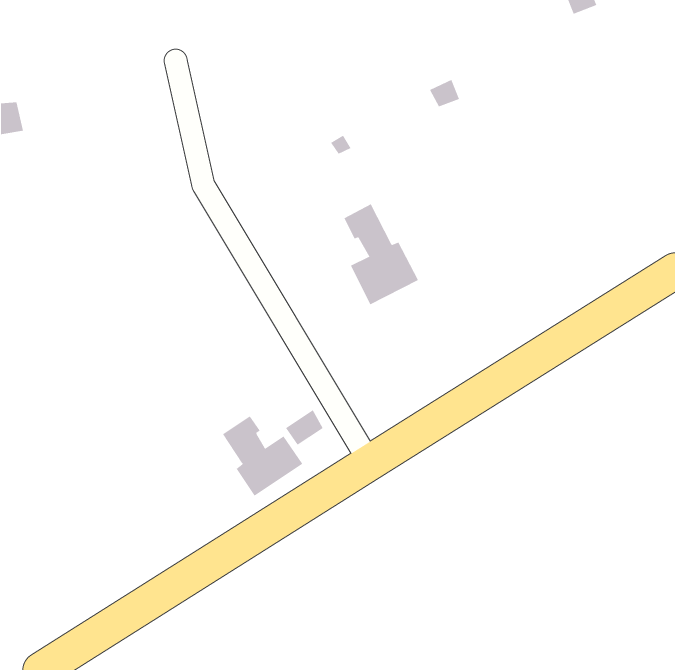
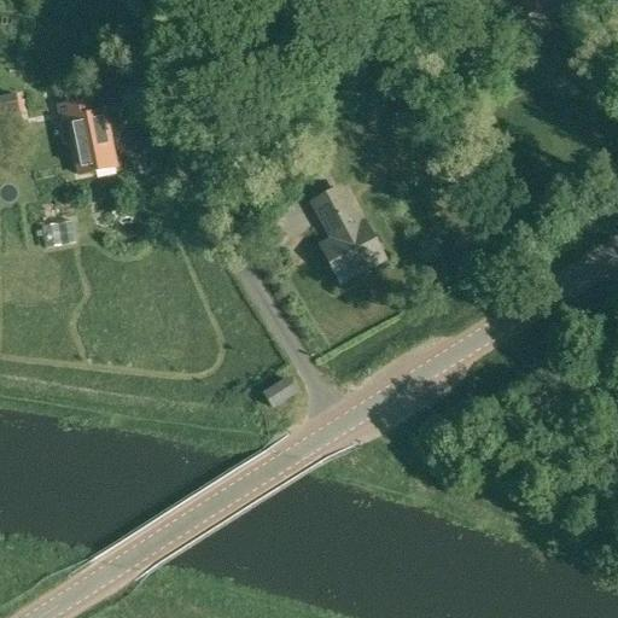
building: none -> [59,95,116,170]
building: [222,416,303,496] -> none

